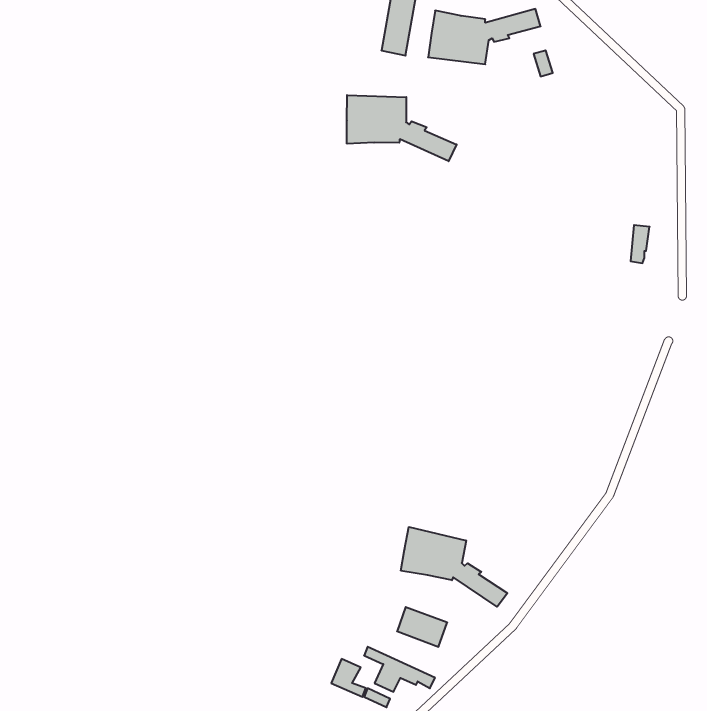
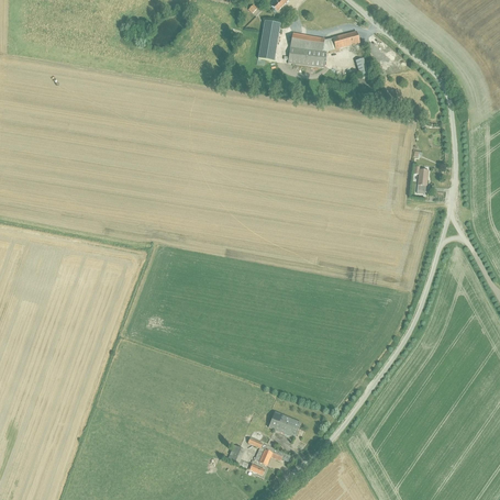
building: [347,95,457,161] -> none
building: [401,527,507,607] -> none

